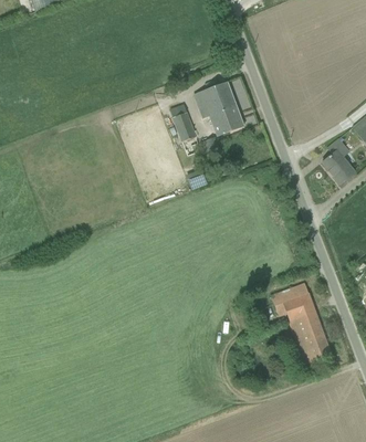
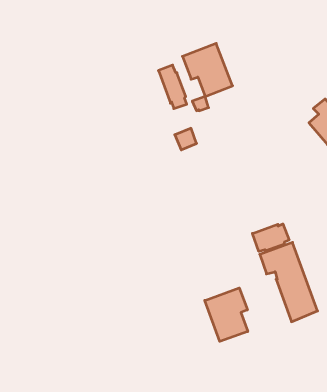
building: none -> [252,224,289,251]
building: none -> [205,288,248,341]

